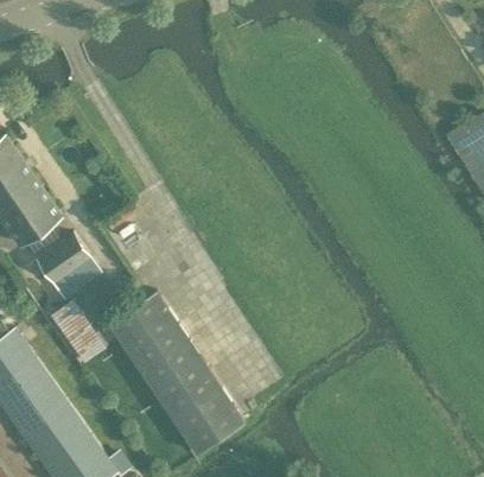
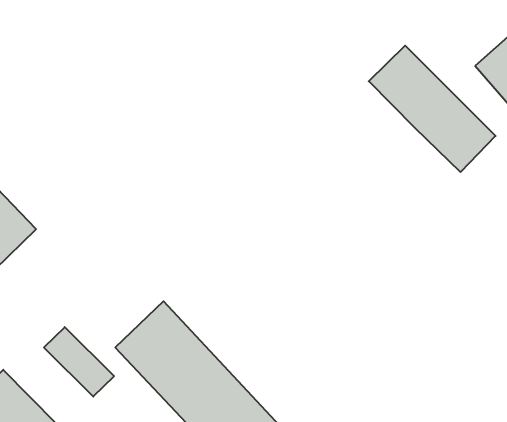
building: none -> [369,46,496,172]
building: [37,234,101,298] -> none

